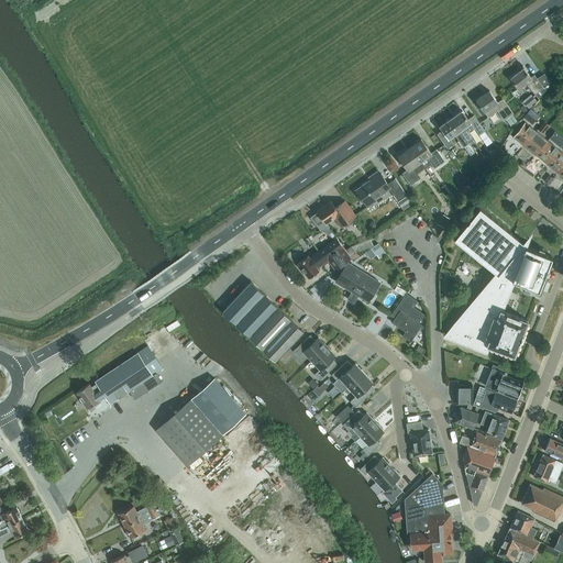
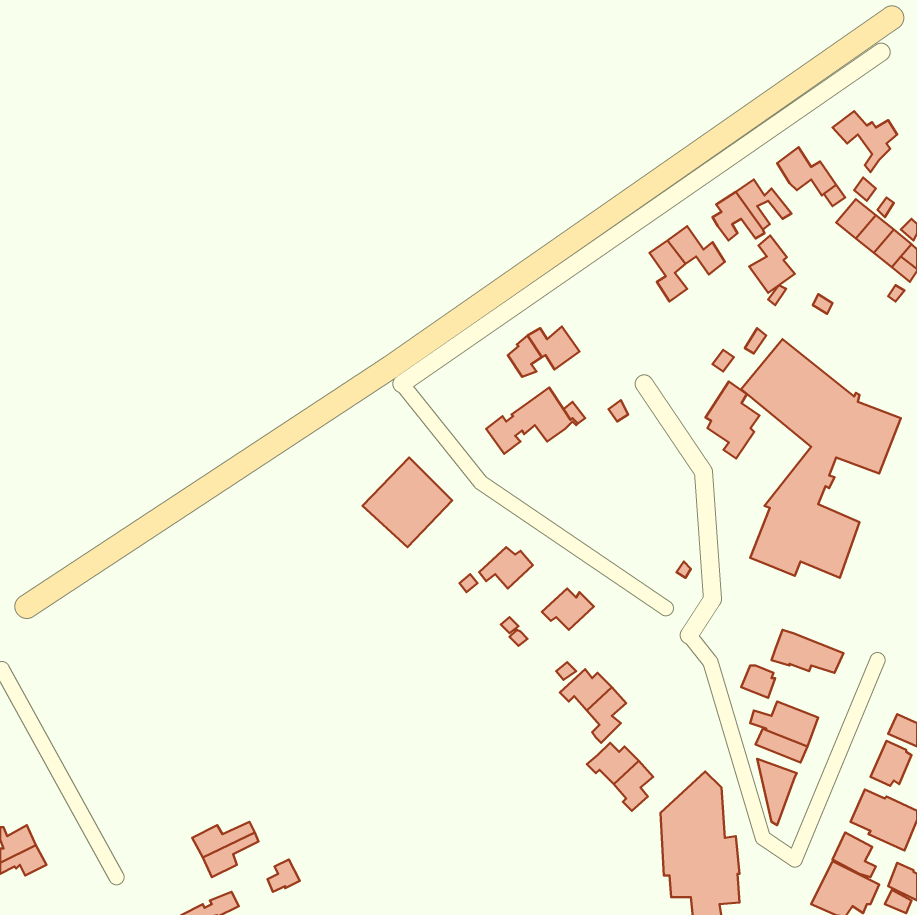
building: none -> [749,235,795,293]
building: [356,173,411,210] -> none
building: [335,264,379,302] -> none
building: [391,295,424,342] -> [706,381,759,459]
building: [250,308,303,362] -> none
building: [76,347,163,409] -> none
building: [311,347,336,380] -> none
building: [485,366,523,399] -> none
building: [349,373,374,408] -> none
building: [156,379,245,466] -> none
building: [481,411,509,440] -> none
building: [406,422,432,456] -> none

